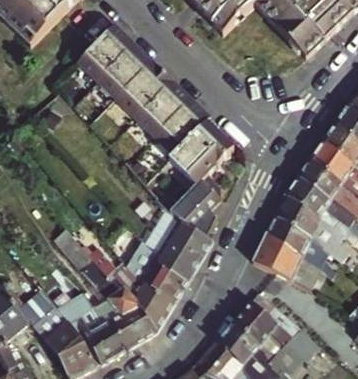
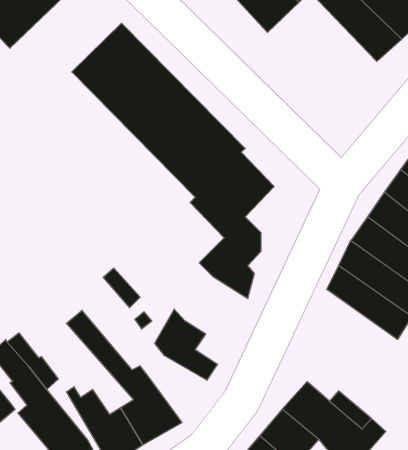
building: [148,197,213,287] -> none
building: [254,230,322,290] -> none
building: [133,280,177,331] -> none

